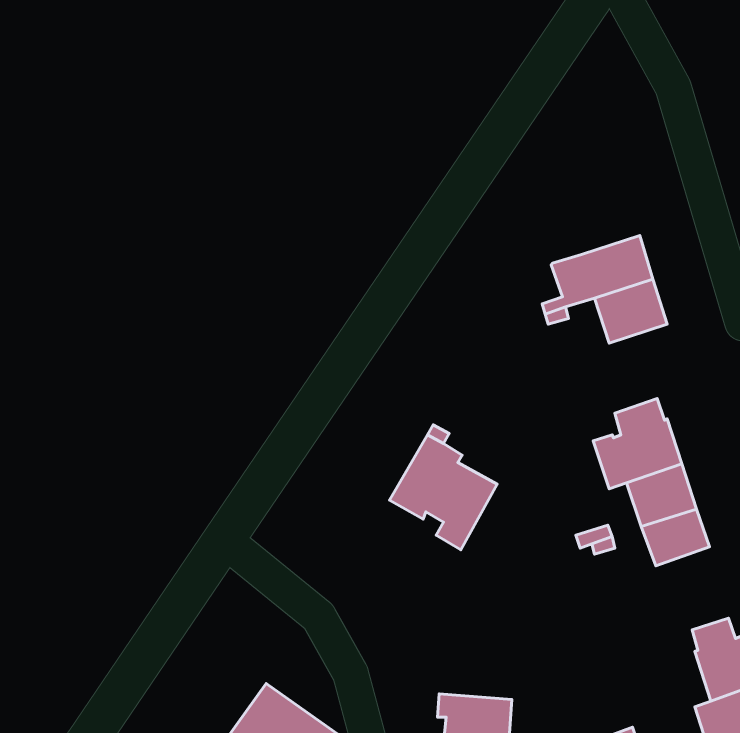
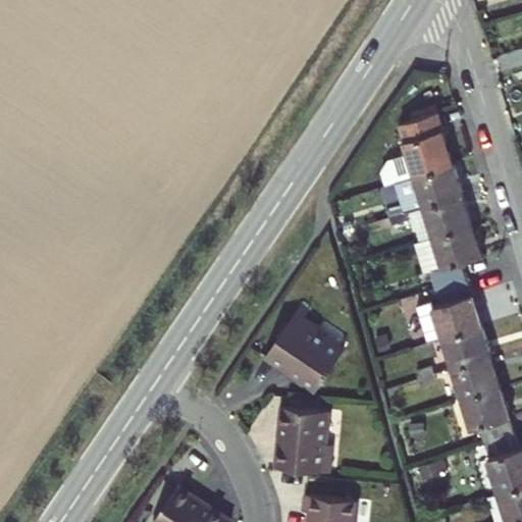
building: none -> [372,117,451,197]
building: none -> [410,234,479,297]
building: none -> [462,390,513,449]
building: none -> [277,406,332,469]

